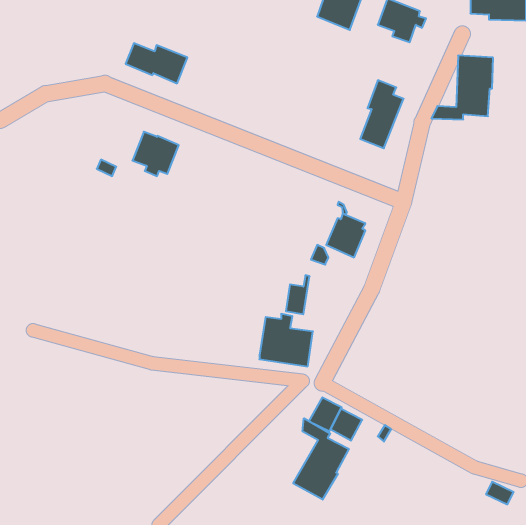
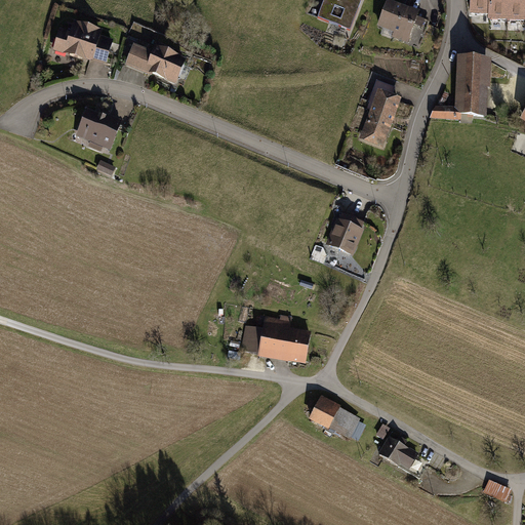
building: none -> [53,19,114,62]
building: [132,132,179,176] -> [76,107,122,151]
building: [286,275,310,314] -> [241,315,265,354]
building: [293,418,349,500] -> none
building: none -> [378,436,419,470]

